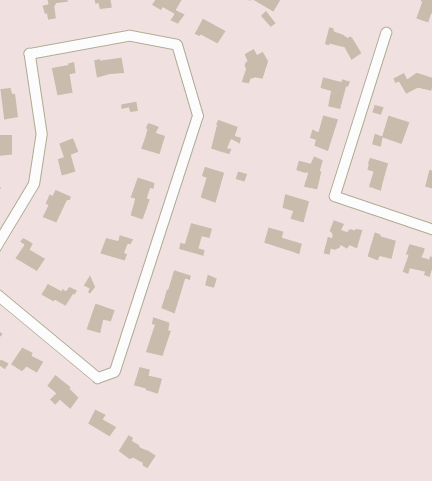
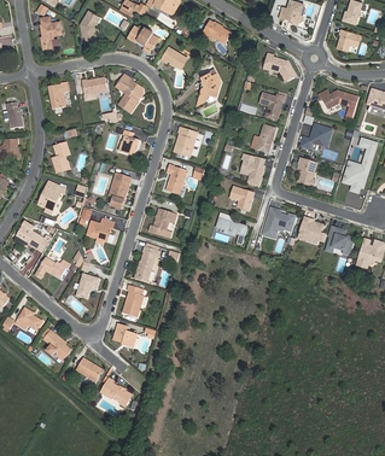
building: none -> [115,74,142,112]

